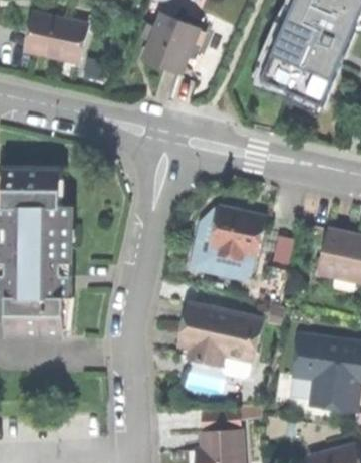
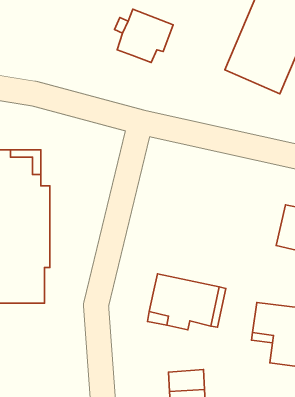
building: [27,12,83,60] -> none
building: [215,207,265,260] -> none

